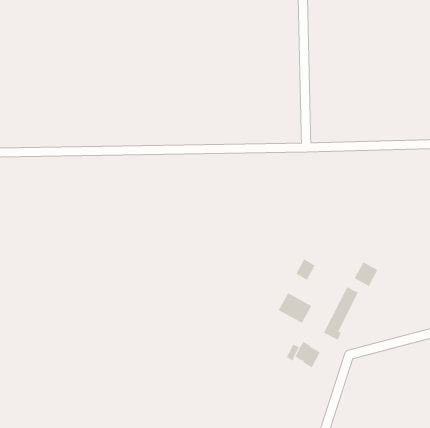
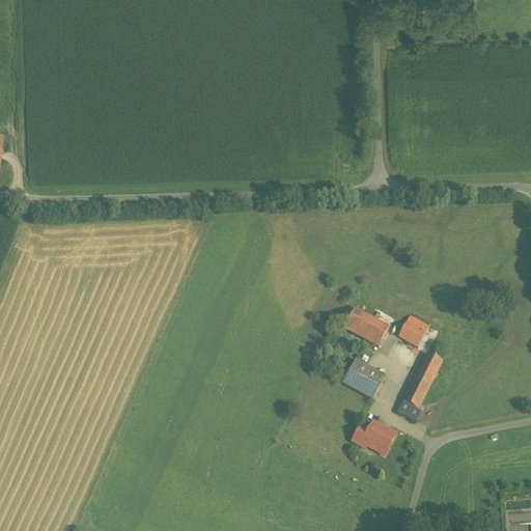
building: none -> [344,308,374,337]
building: [354,261,378,287] -> [398,314,428,345]

